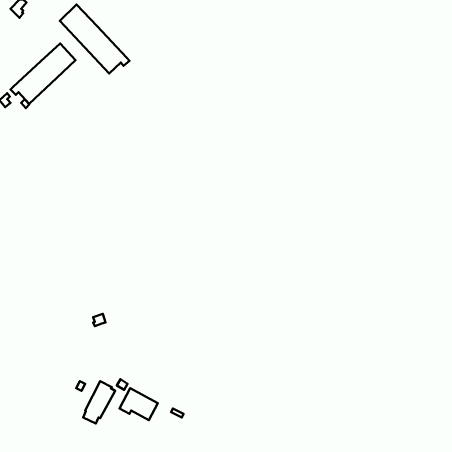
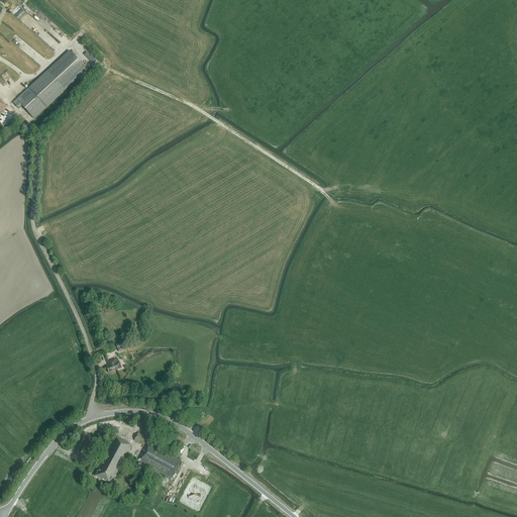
building: [60,4,129,74] -> none

